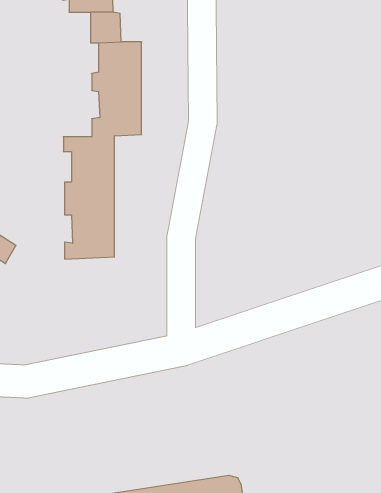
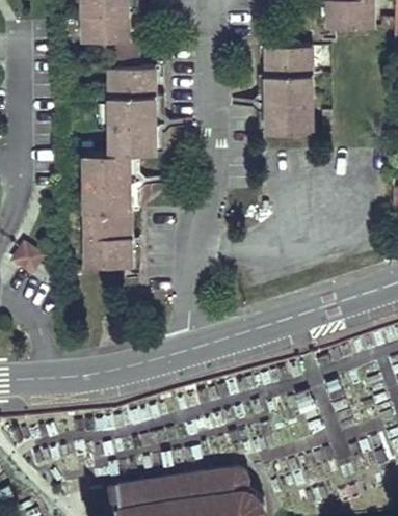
building: none -> [267,46,313,132]

